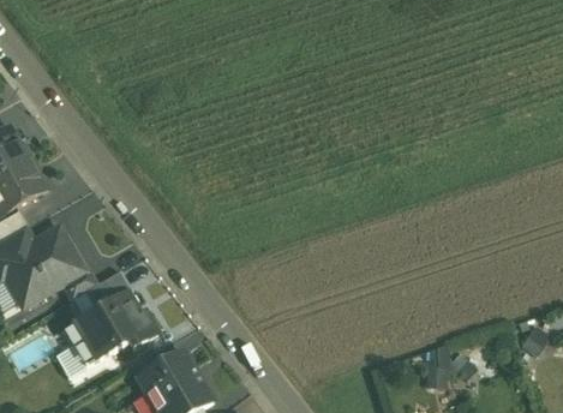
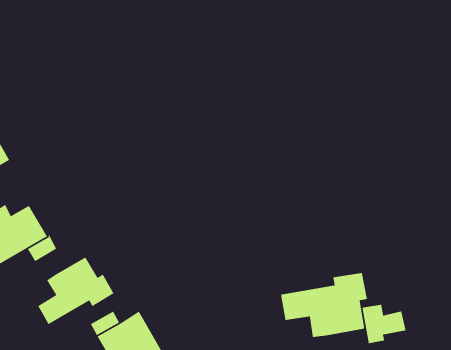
building: [84,269,133,310] -> none
building: none -> [280,272,368,338]

